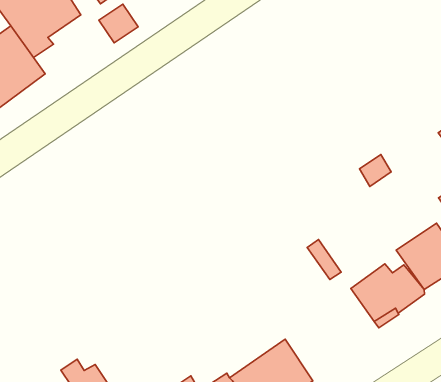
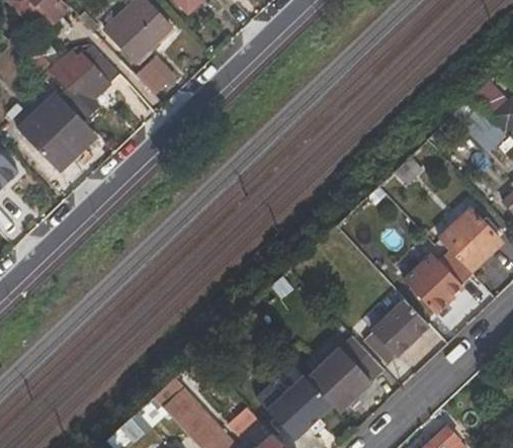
building: none -> [364,300,429,364]

